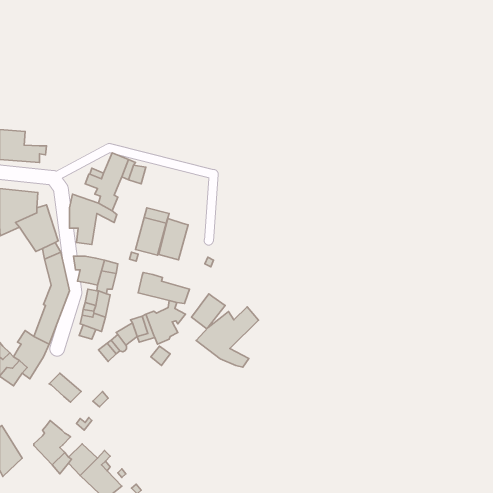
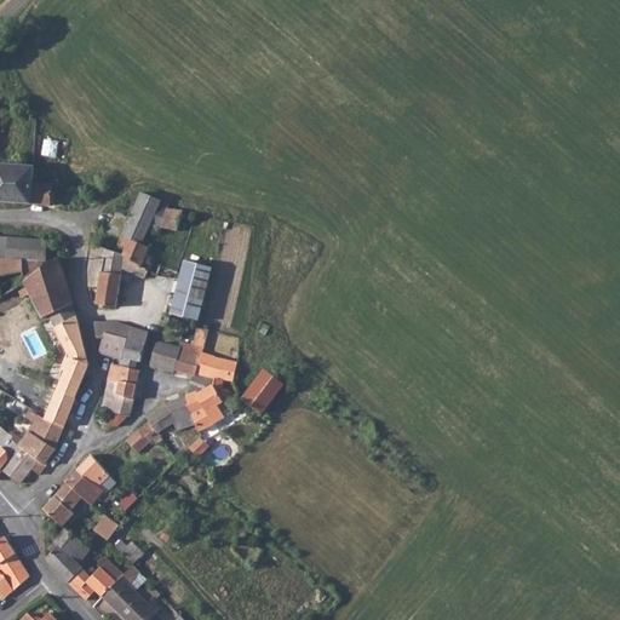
building: [159,219,188,260] -> none
building: none -> [148,341,178,372]
building: [196,307,258,367] -> none
building: none -> [75,454,116,493]
building: none -> [40,483,80,527]

